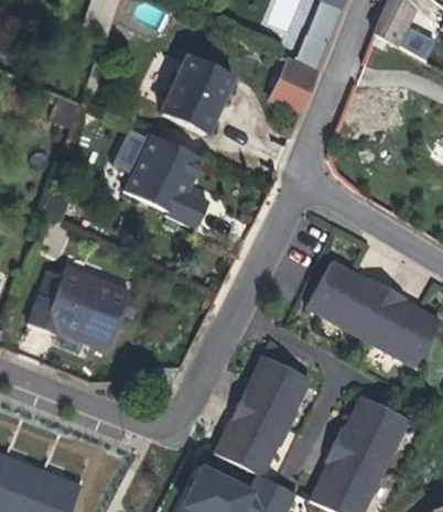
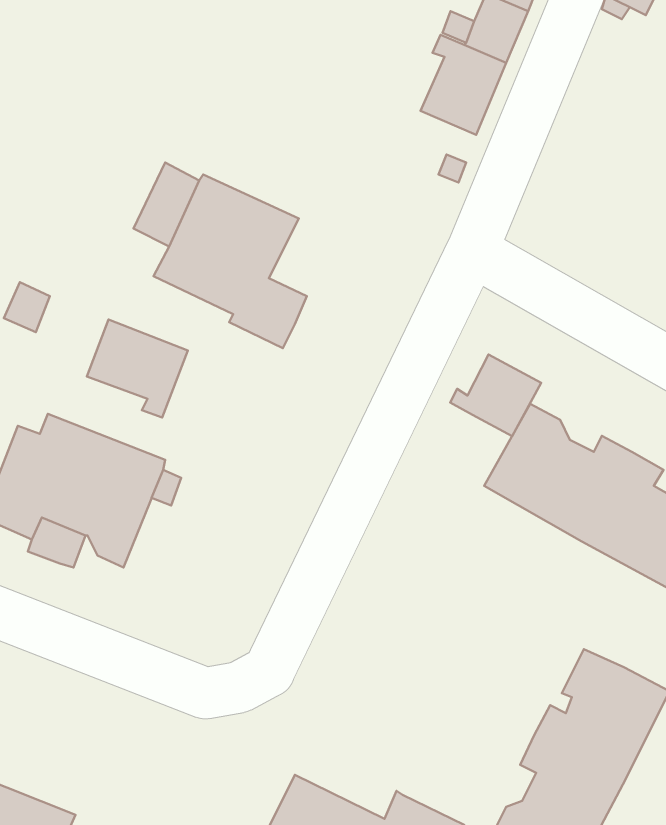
building: [161,55,235,135] -> none
building: none -> [87,319,188,418]
building: none -> [450,355,541,436]
building: [214,356,310,477] -> none

